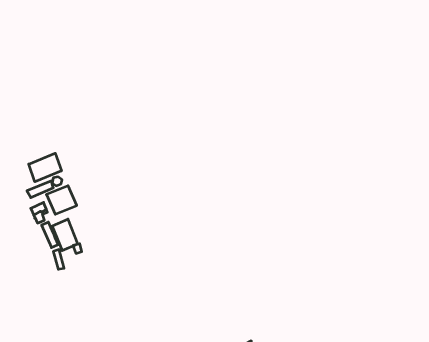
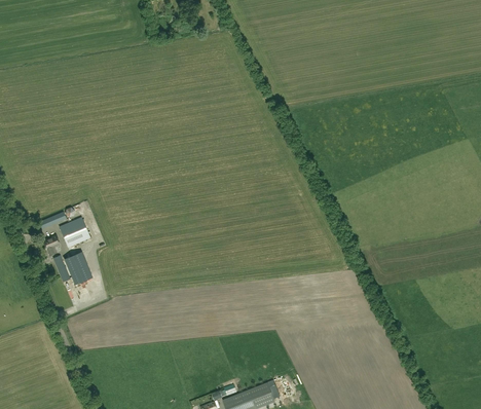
building: [29,153,61,182] -> none

